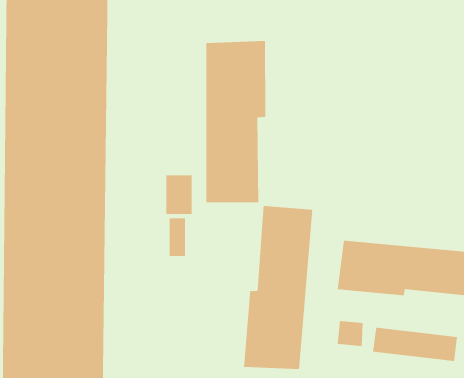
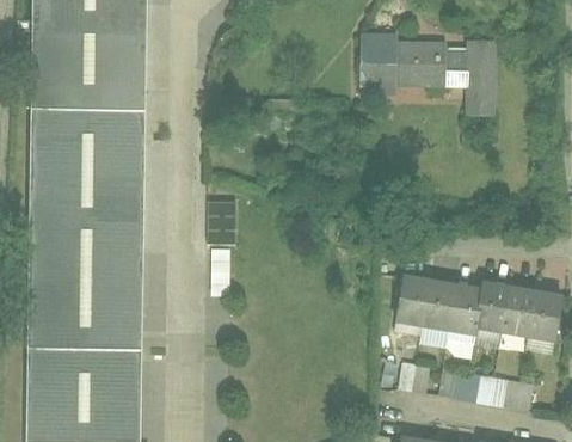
building: none -> [362,31,502,115]
building: [206,40,266,203] -> none
building: [244,205,313,370] -> none

